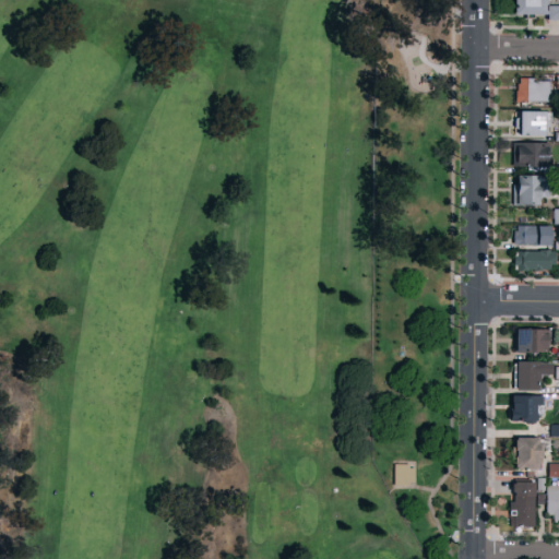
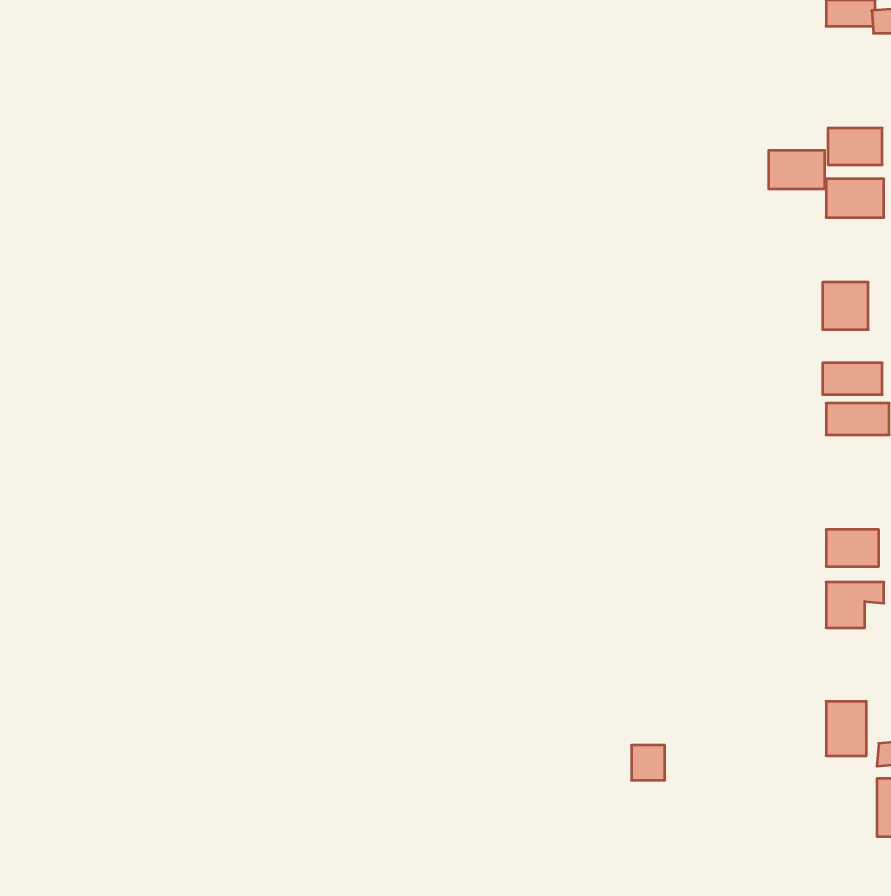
building: [515,143,550,167] -> [769,150,825,189]
building: [513,396,543,423] -> none
building: [514,483,537,527] -> none

